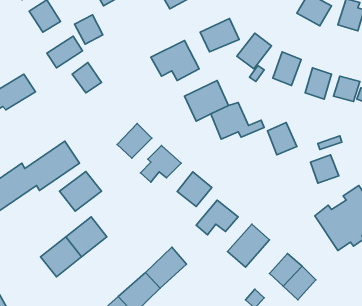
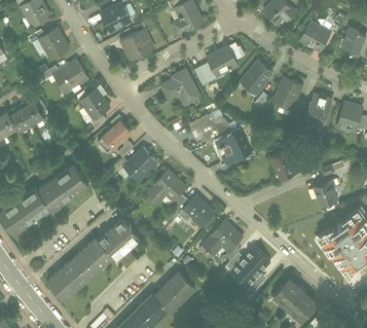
building: [75,15,103,44] -> [119,31,147,60]
building: none -> [101,117,133,148]
building: [59,171,101,211] -> [98,219,139,258]

